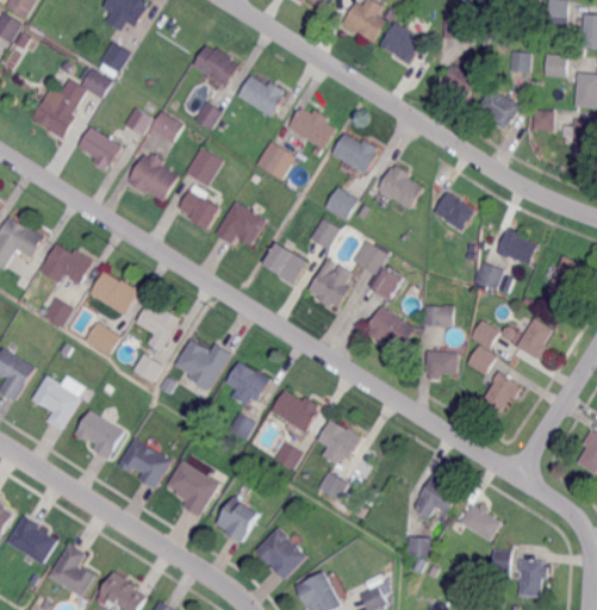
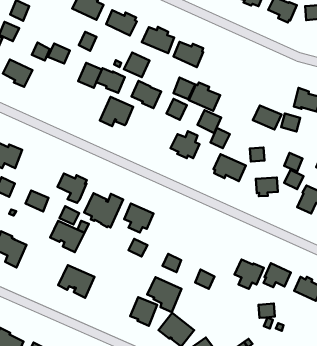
building: [128,154,178,201] -> none
building: [377,166,423,210] -> [189,83,220,111]
building: [179,189,222,229] -> [96,68,125,93]
building: [434,192,477,230] -> [253,105,282,129]
building: [263,242,307,285] -> [132,81,161,108]
building: [91,272,139,315] -> none
building: [272,388,318,431] -> none
building: [74,412,125,461] -> [50,221,84,252]
building: [318,422,362,466] -> [235,260,264,289]
building: [166,461,217,516] -> [147,277,182,312]

